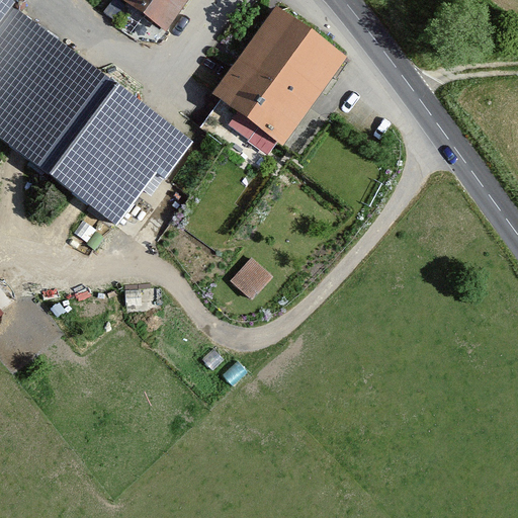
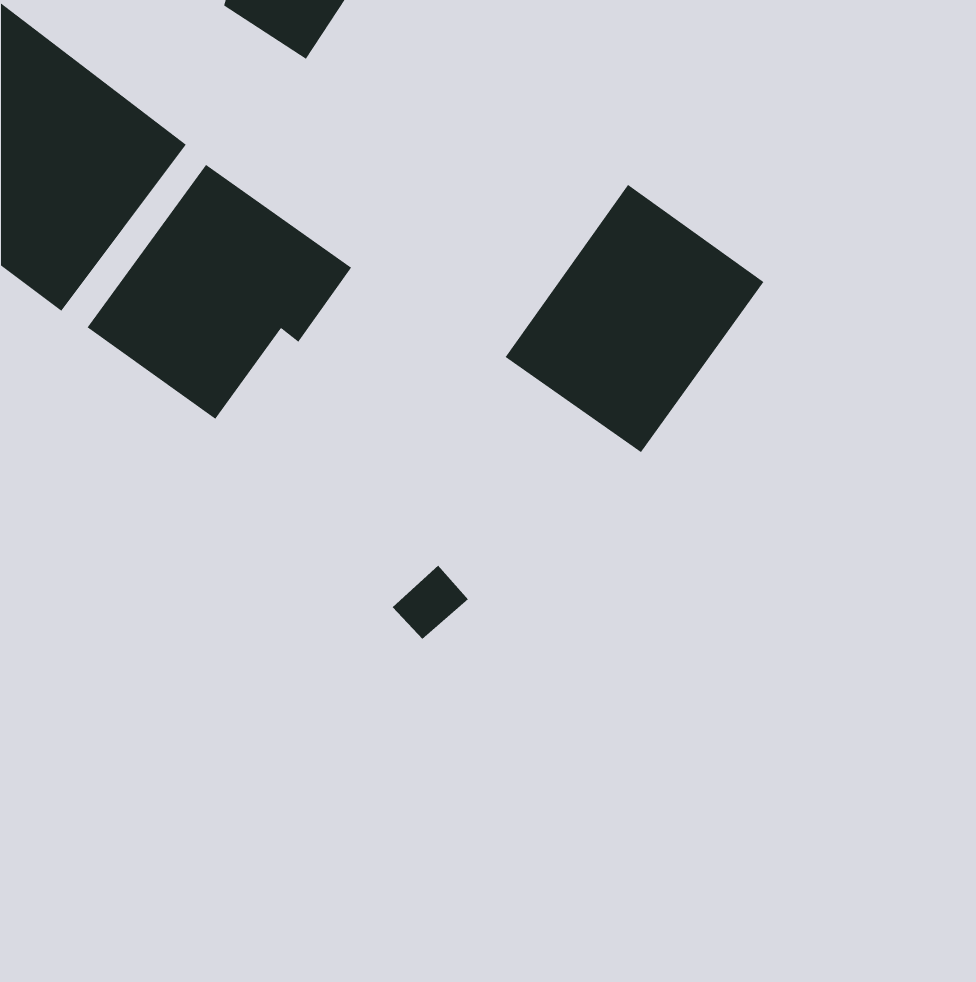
building: [209,5,346,147] -> [505,184,764,453]
building: [234,252,274,291] -> [392,565,469,640]

